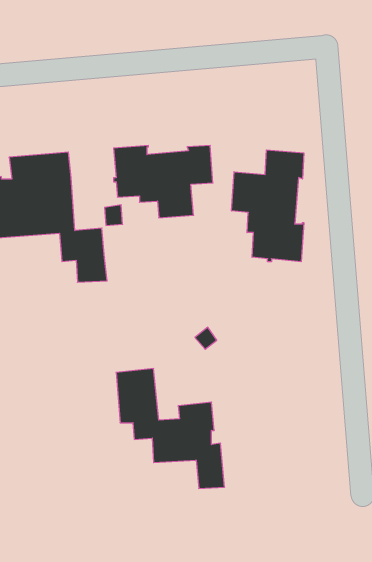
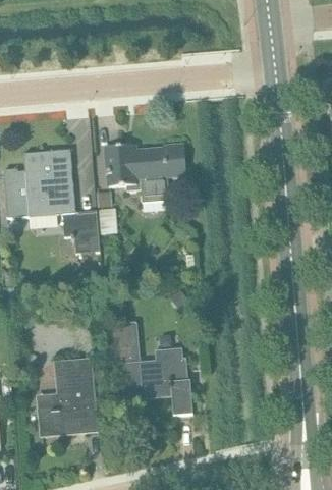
building: [232,150,304,262] -> none
building: none -> [38,358,98,433]

